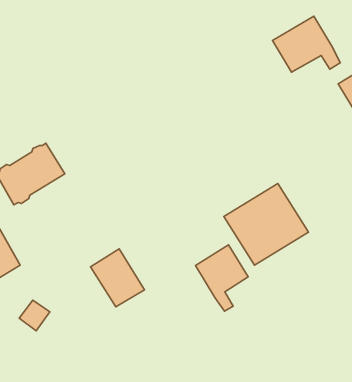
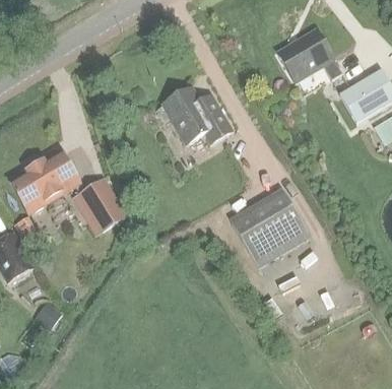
building: none -> [153,86,233,143]
building: [195,245,248,311] -> none
building: [90,249,144,307] -> [76,177,128,233]

